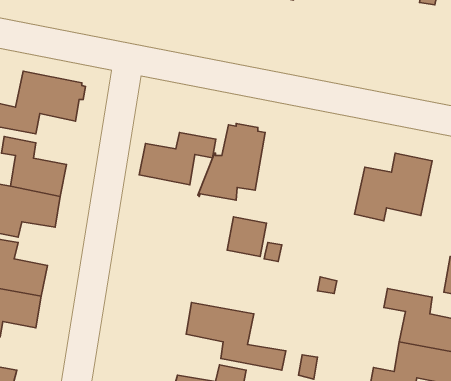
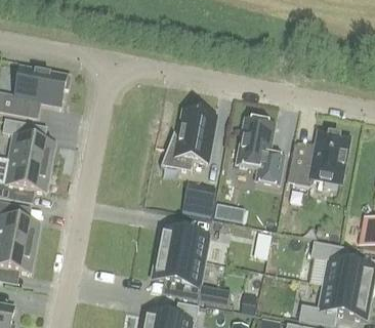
building: [139,133,216,185] -> none
building: none -> [236,119,284,184]
building: none -> [155,227,209,261]

